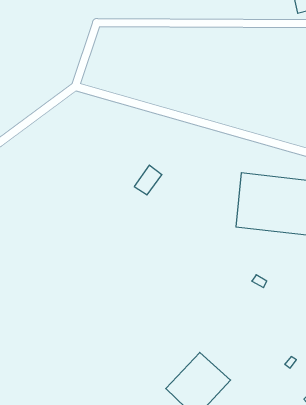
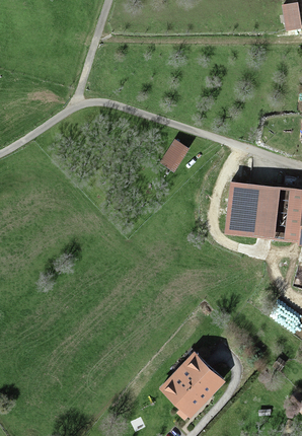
building: [134,165,162,195] -> [161,140,187,168]

